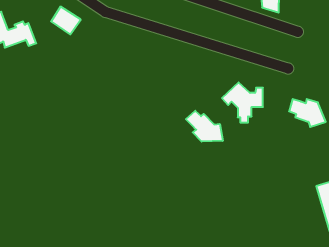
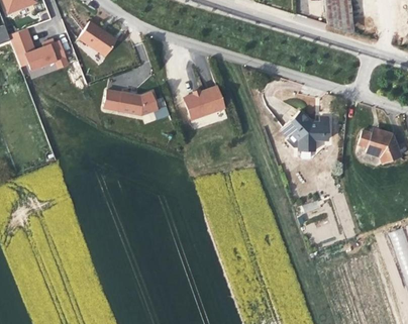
building: none -> [185,87,226,119]
building: none -> [105,91,159,115]
building: [186,111,223,142] -> none

